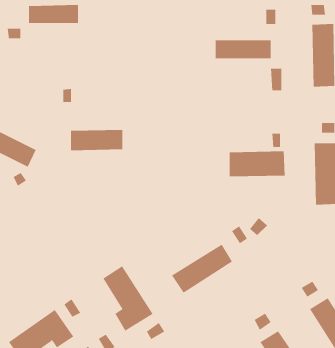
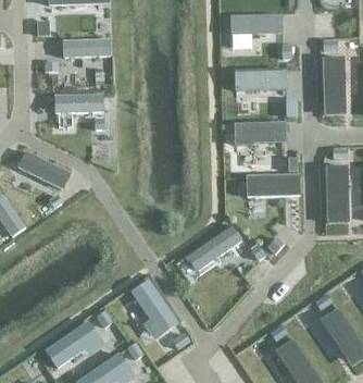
building: none -> [234,123,285,146]
building: [70,129,123,151] -> [53,94,102,113]
building: [171,244,233,293] -> [185,225,241,271]

